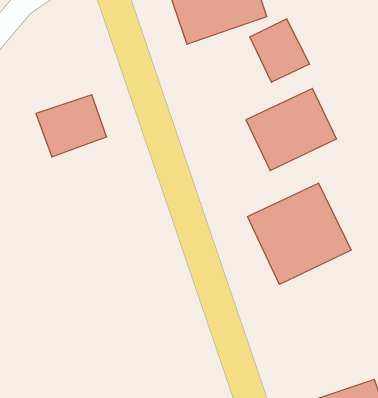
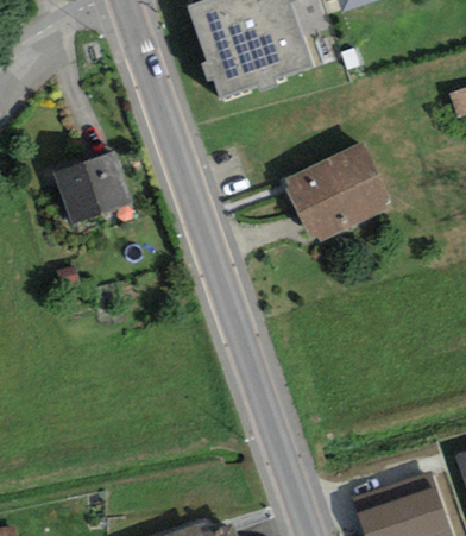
building: [250,19,310,82] -> none
building: [248,183,351,284] -> none

